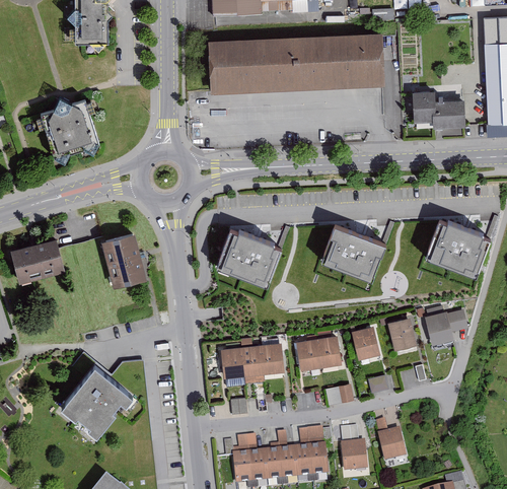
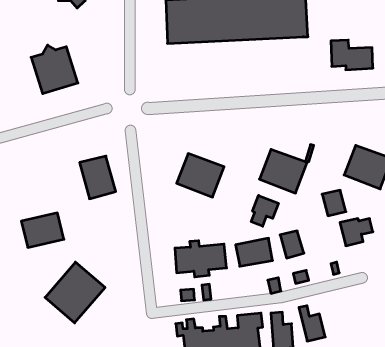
building: [13,238,66,281] -> [21,213,64,247]
building: none -> [251,195,278,226]
building: [388,319,418,350] -> [322,190,346,216]

